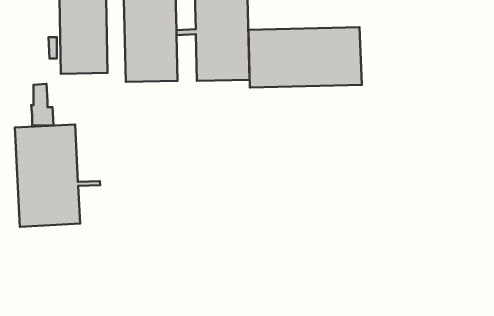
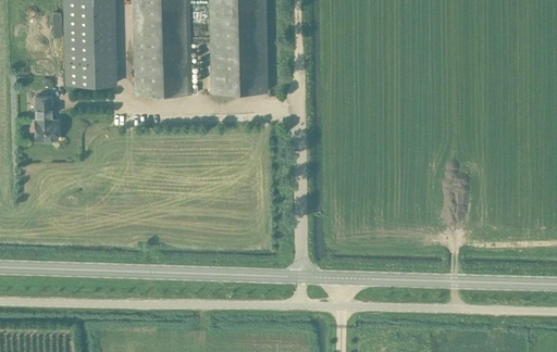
building: [248,27,362,88] -> none
building: [15,124,100,227] -> none

